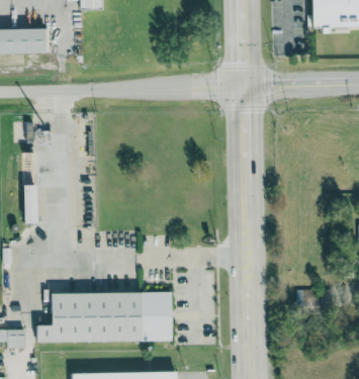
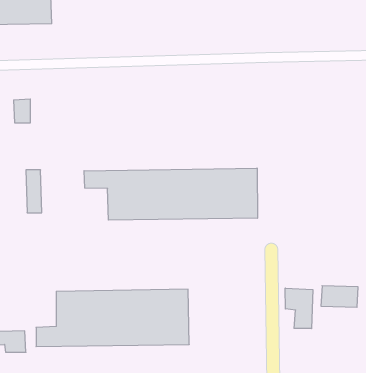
building: none -> [84,168,257,220]
building: none -> [285,288,313,329]

